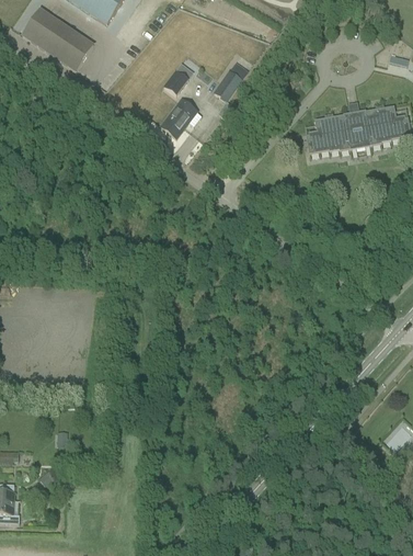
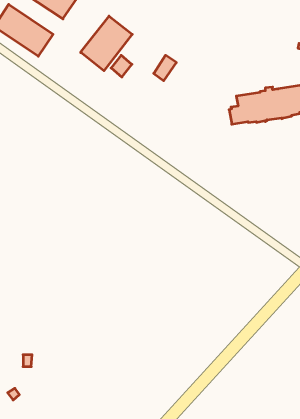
building: none -> [81,16,132,71]
building: [161,99,202,137] -> none

